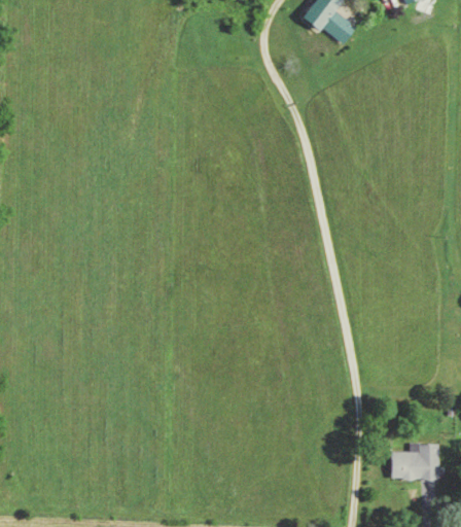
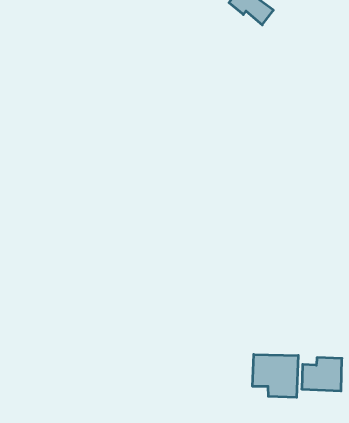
building: none -> [253,354,298,397]

